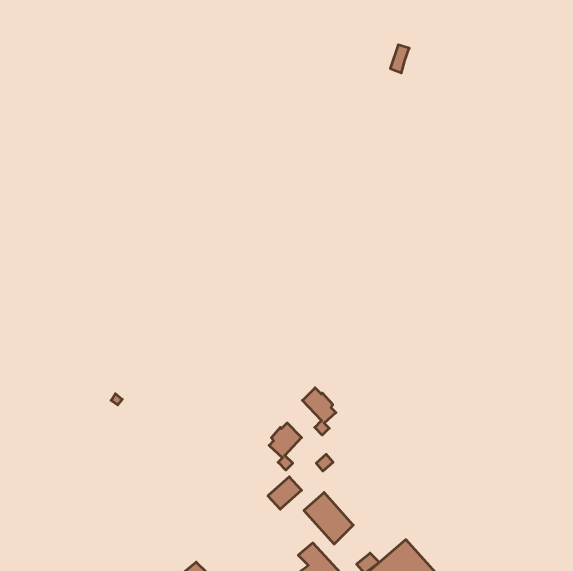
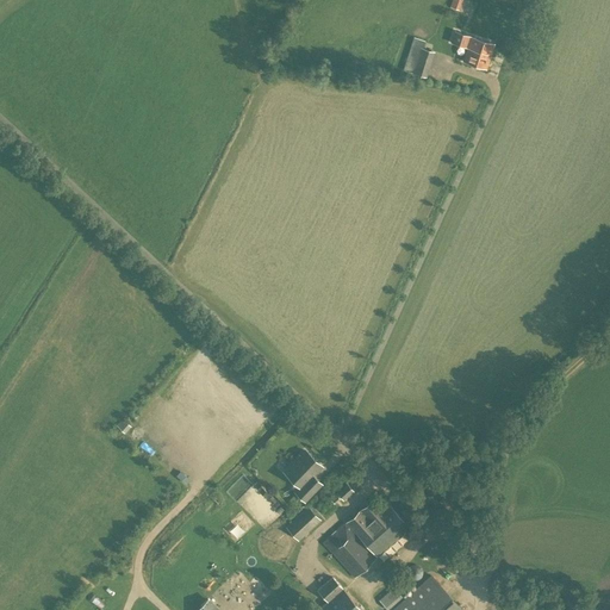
building: none -> [449,32,494,71]
building: [302,388,336,435] -> none
building: none -> [347,500,402,555]

